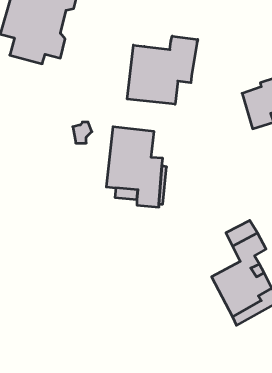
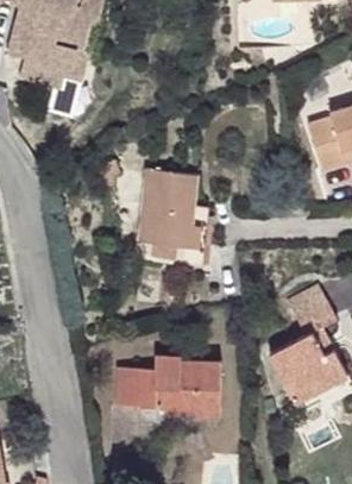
building: [127,36,198,104] -> none
building: none -> [115,356,221,426]

